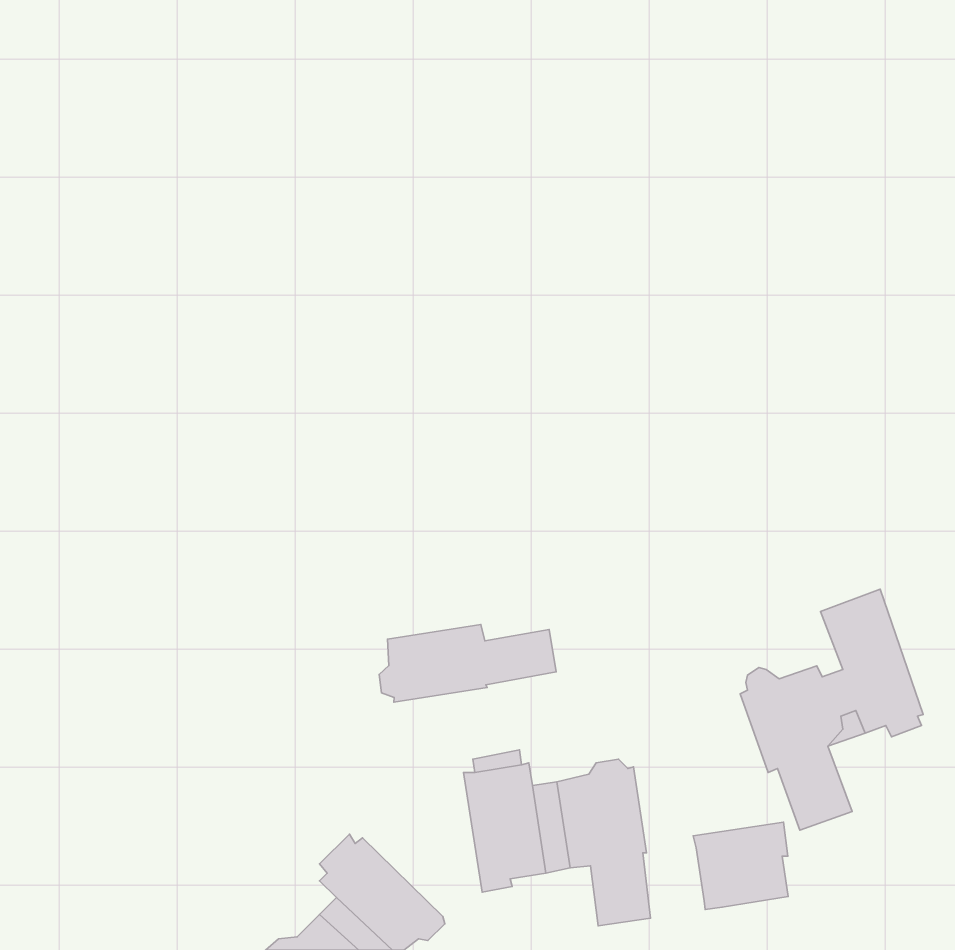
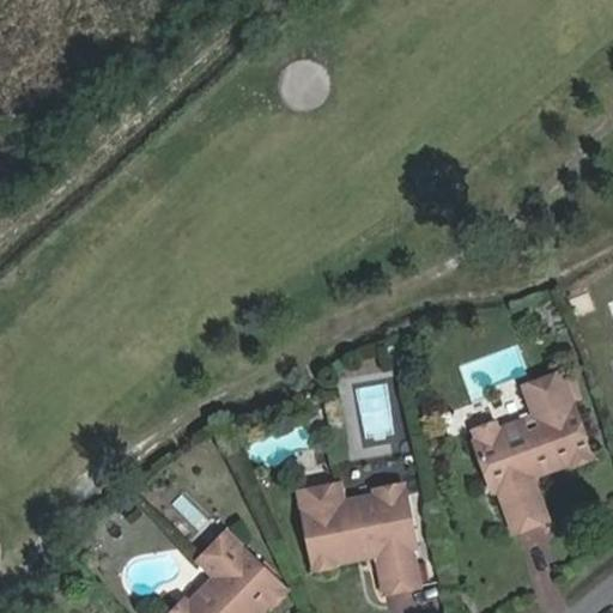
building: [379,625,556,702] -> none
building: [693,822,788,910] -> none

